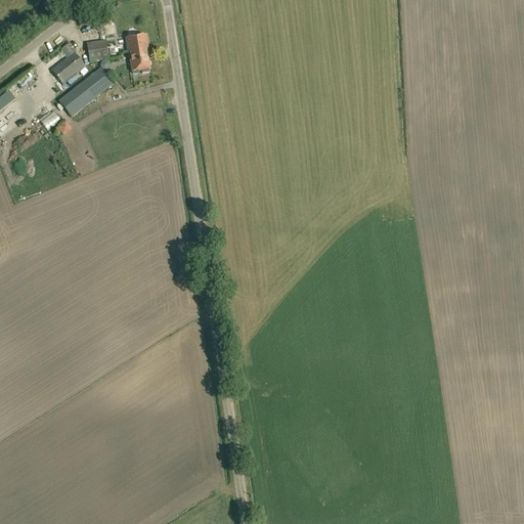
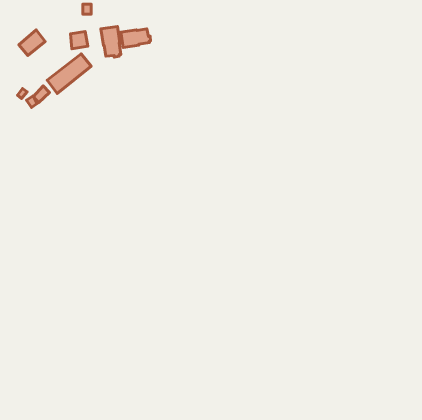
building: none -> [121,29,151,47]
building: [51,51,84,83] -> [19,30,45,56]

